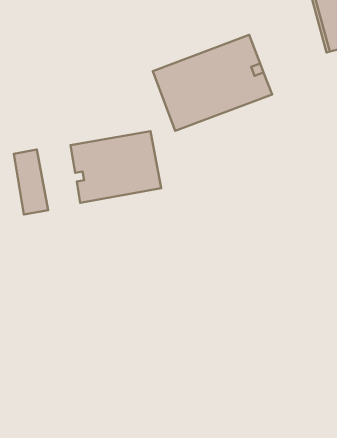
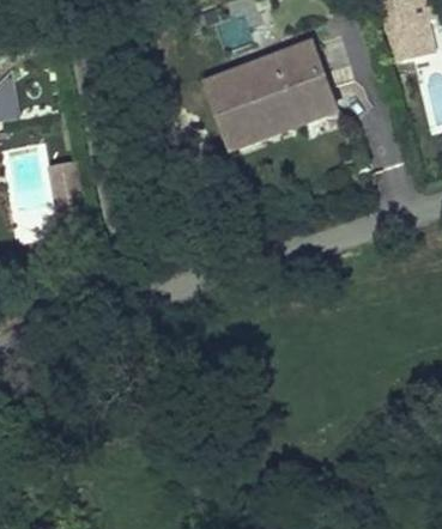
building: [70,131,161,203] -> none

